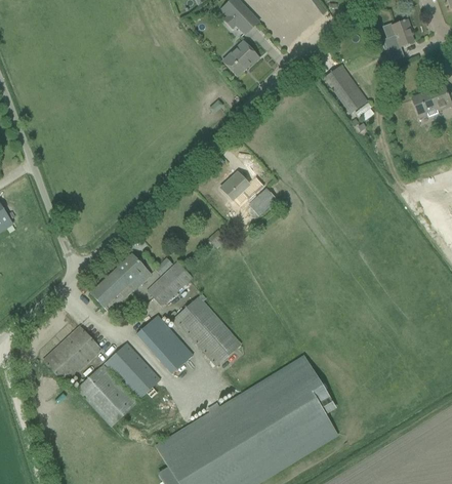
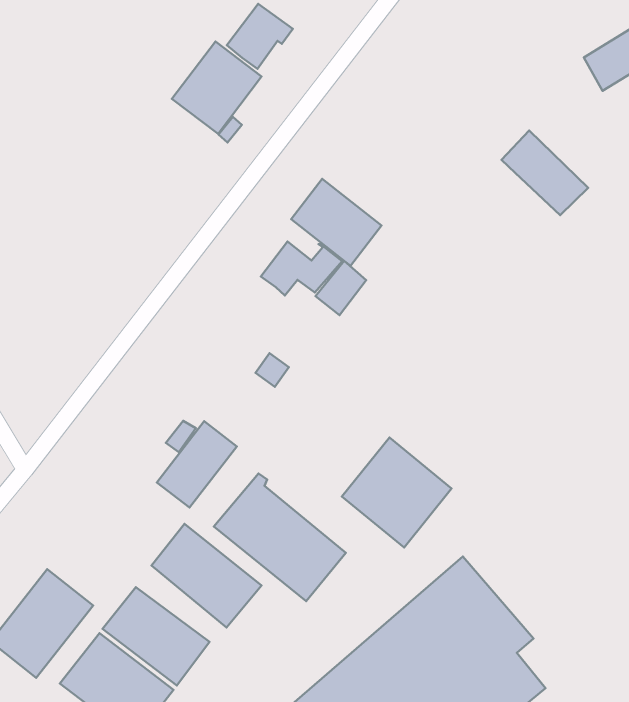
building: none -> [172,41,262,134]
building: [324,65,368,113] -> [501,131,588,215]
building: none -> [291,179,381,266]
building: [91,254,145,312] -> none
building: none -> [342,437,452,547]

